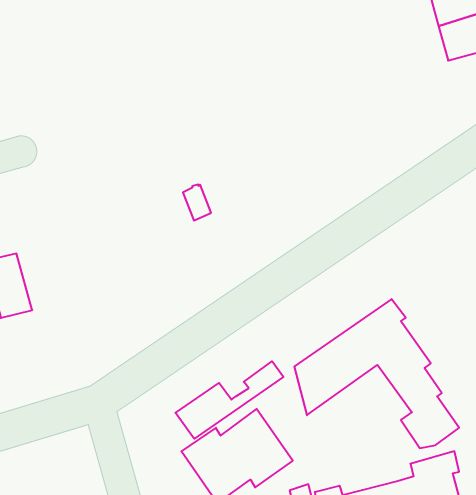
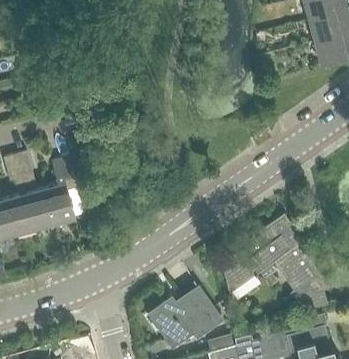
building: none -> [45,156,80,223]
building: [175,361,283,439] -> none

